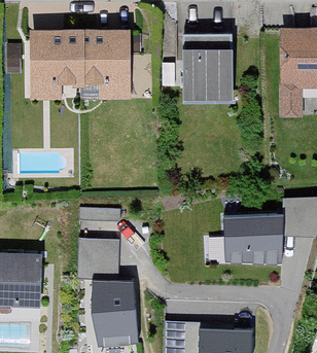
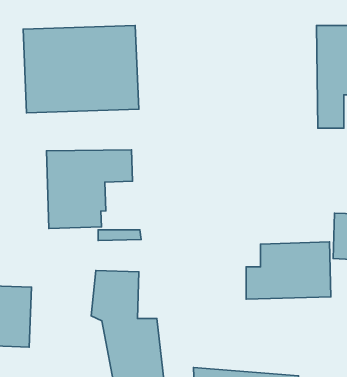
building: [177,32,238,102] -> none
building: none -> [46,150,133,229]

